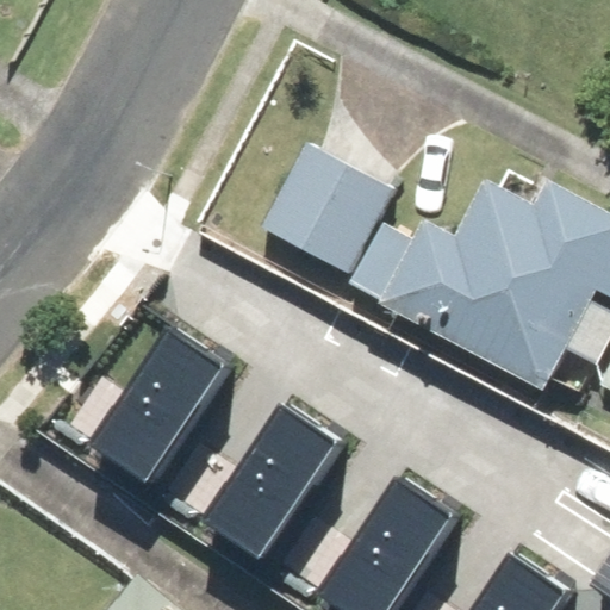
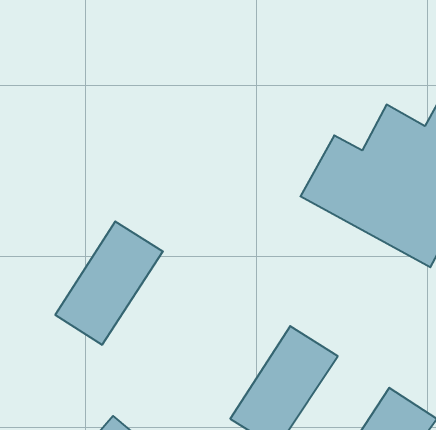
building: [268,148,406,284] -> none
building: [197,409,332,565] -> none

